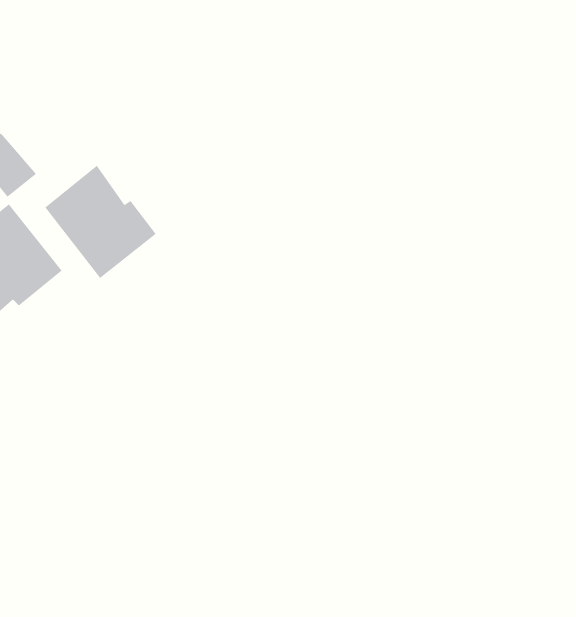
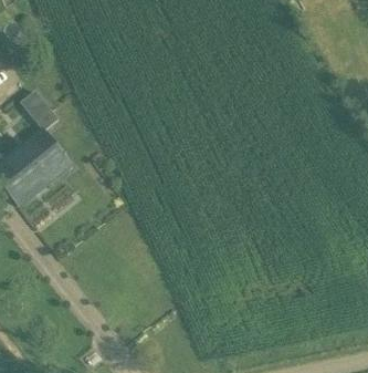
building: [44,165,157,279] -> none

